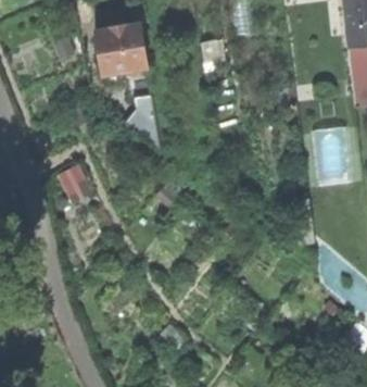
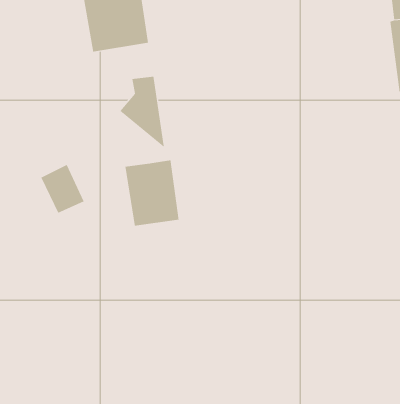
building: none -> [125,159,179,226]

